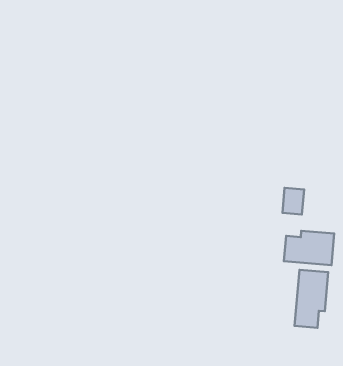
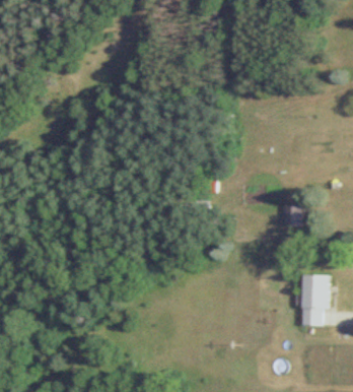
building: [284,231,334,265] -> none

